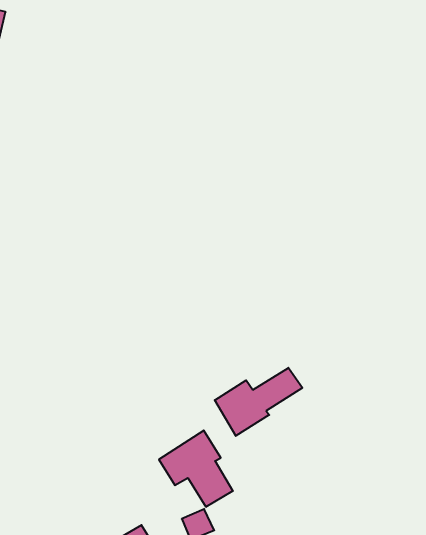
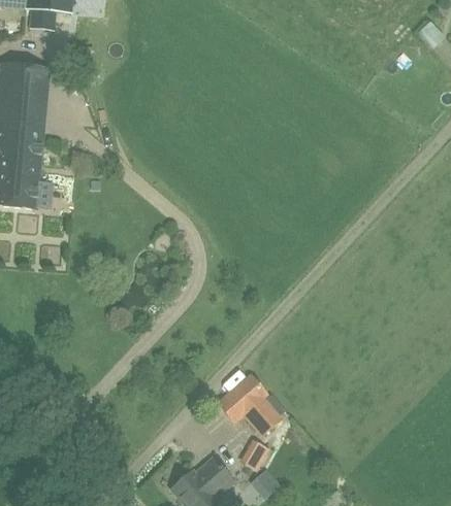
building: [215,368,302,436] -> none

